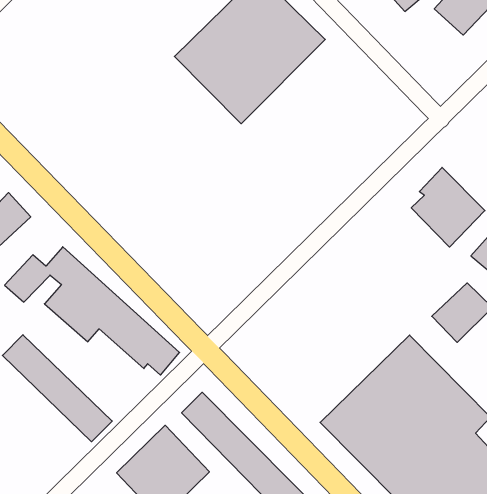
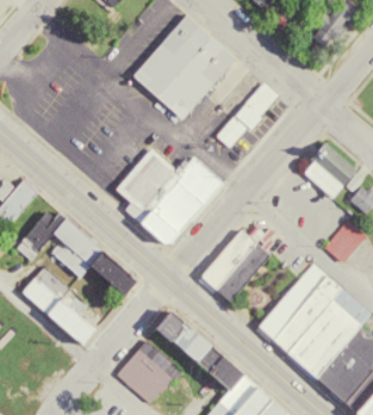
building: none -> [213,83,273,148]
building: none -> [120,154,228,250]
building: none -> [198,225,268,299]

